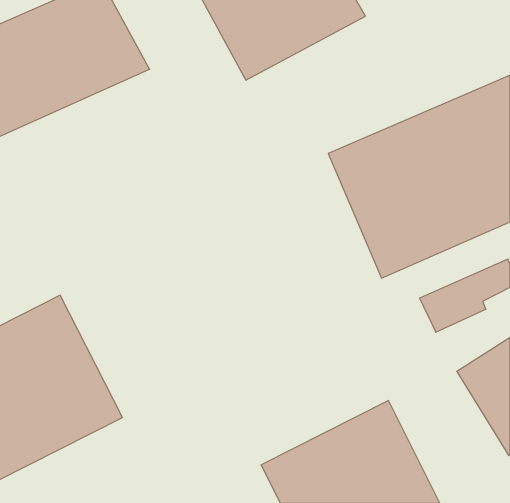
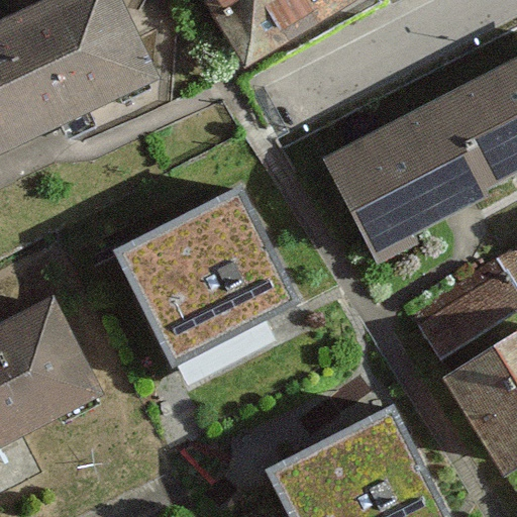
building: none -> [107,179,296,364]

